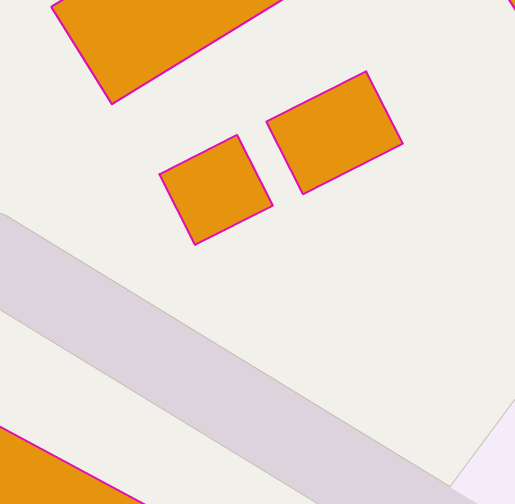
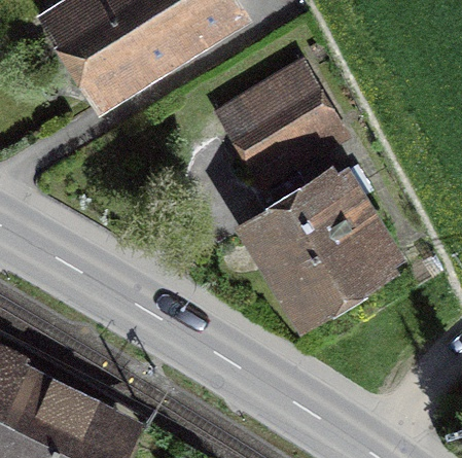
building: [159,135,273,245] -> none
building: none -> [250,167,393,310]

